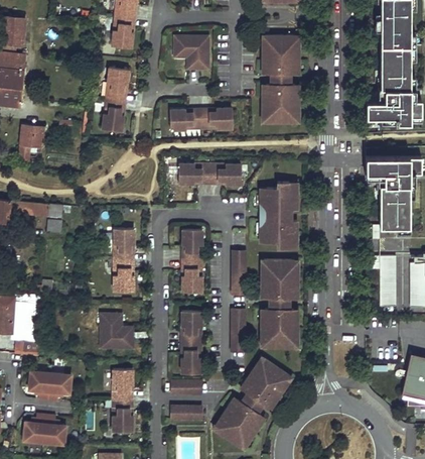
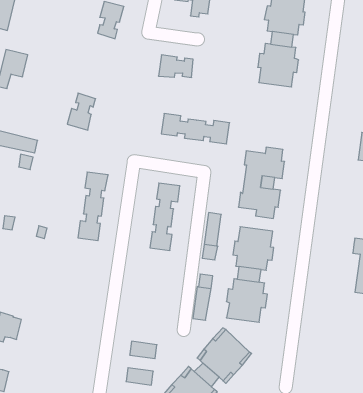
building: [100,98,123,131] -> [67,93,96,130]
building: [198,109,230,129] -> none
building: [181,312,201,373] -> none
building: [100,314,133,349] -> none
building: [112,369,132,431] -> none

